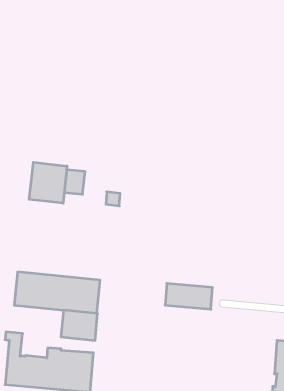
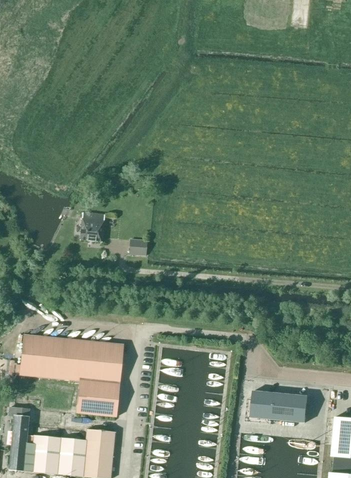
building: [29,162,67,203] -> none
building: [165,283,213,309] -> [250,390,307,421]

